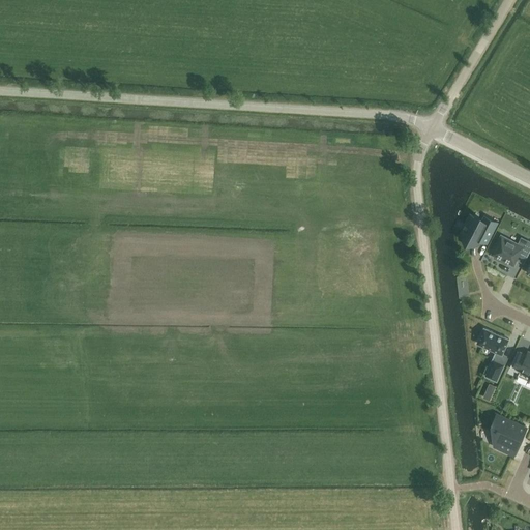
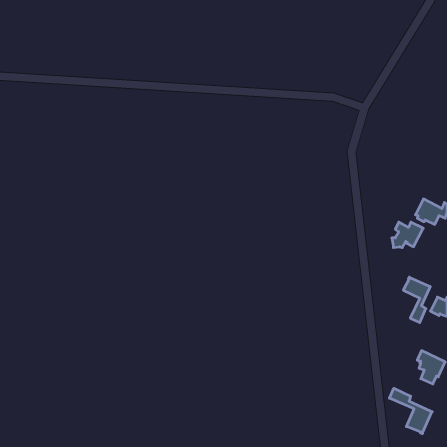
building: [461,215,498,245] -> [392,222,423,248]
building: none -> [389,388,432,434]

